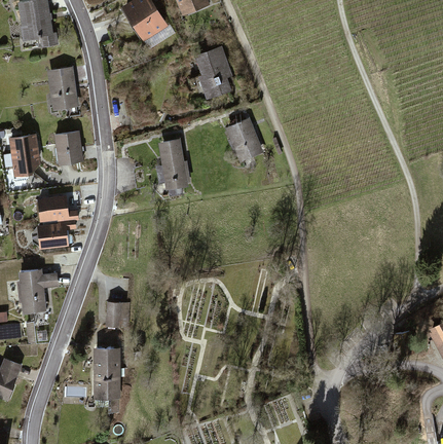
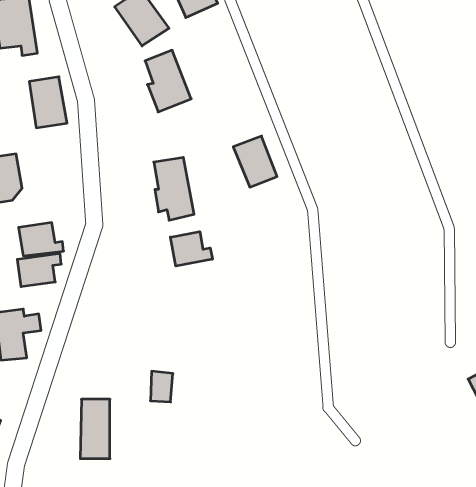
building: [195,47,235,101] -> [145,50,191,112]
building: [53,132,83,166] -> none
building: none -> [170,232,212,266]
building: [105,302,124,329] -> [150,371,173,402]

